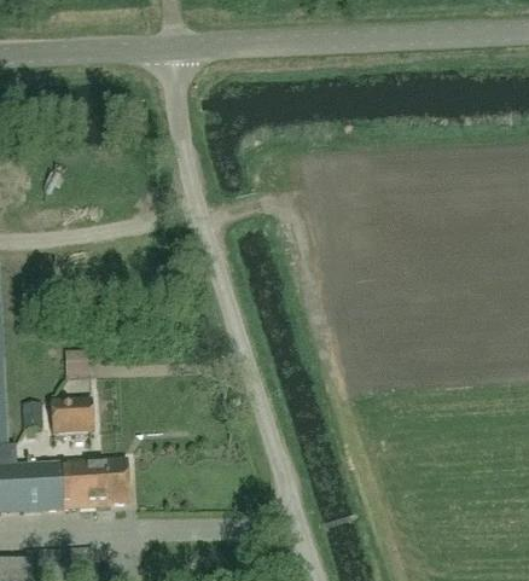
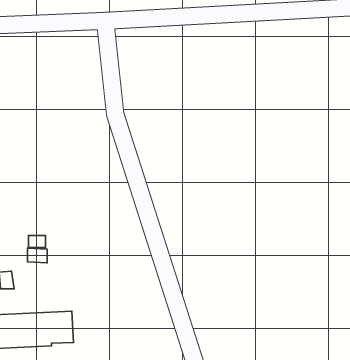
building: [51,399,89,431] -> none

